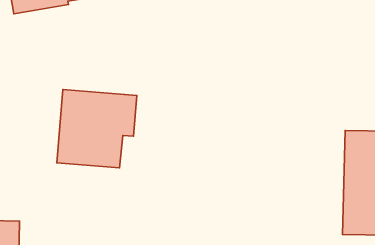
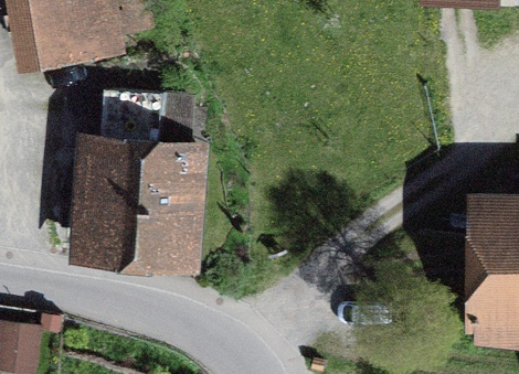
building: none -> [100,90,187,156]

